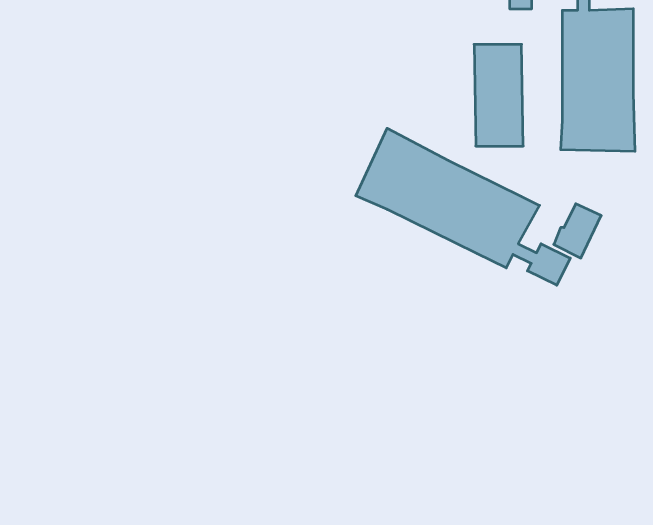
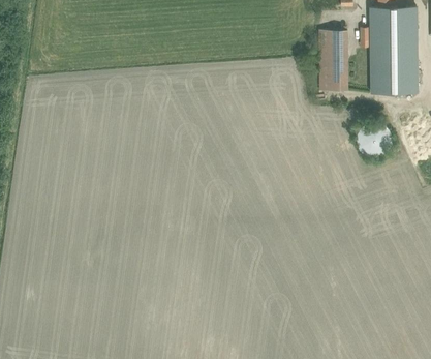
building: [356,128,570,285] -> none

